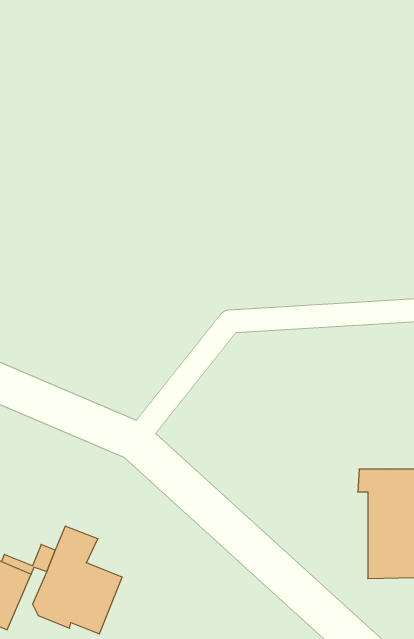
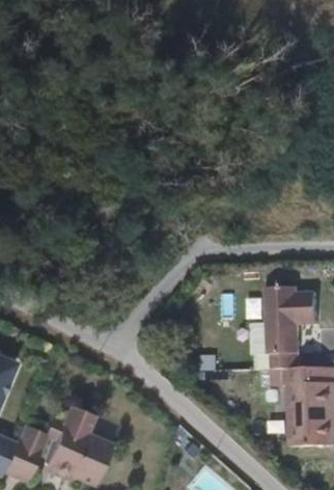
building: none -> [267,282,318,366]

